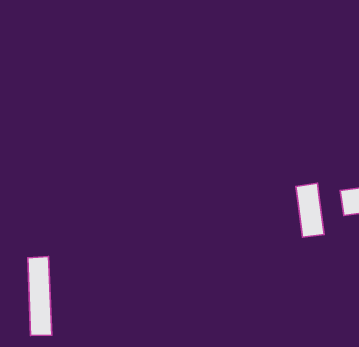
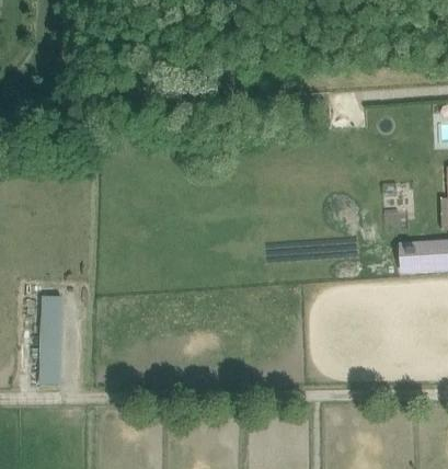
building: [296,183,324,237] -> none

